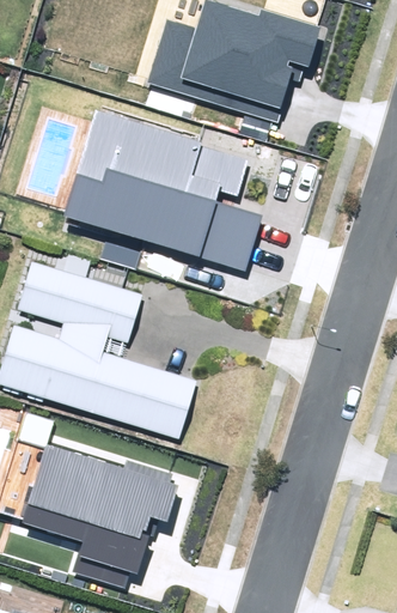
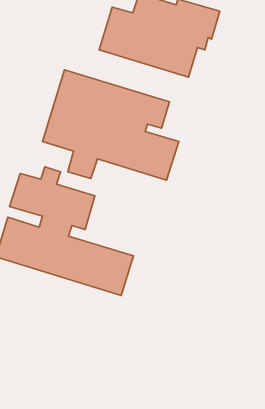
building: [18,411,179,587] -> none

